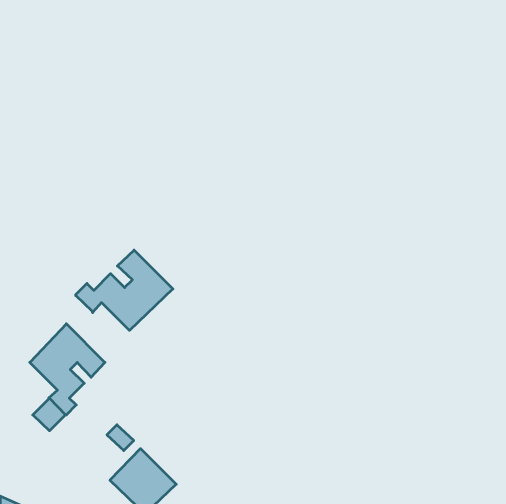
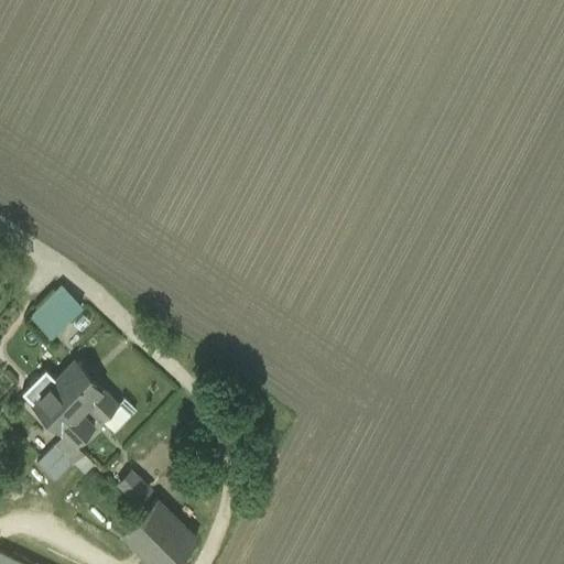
building: [76,250,173,330] -> none
building: none -> [33,296,80,337]

